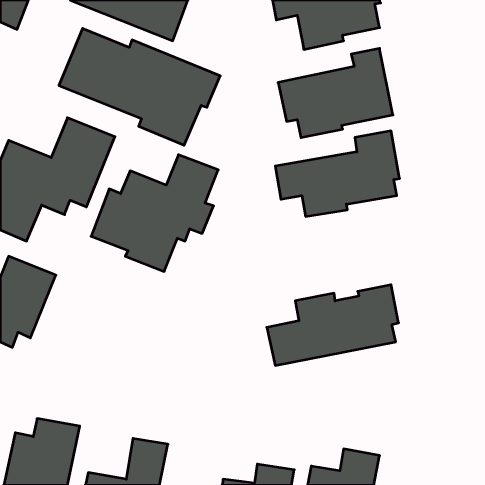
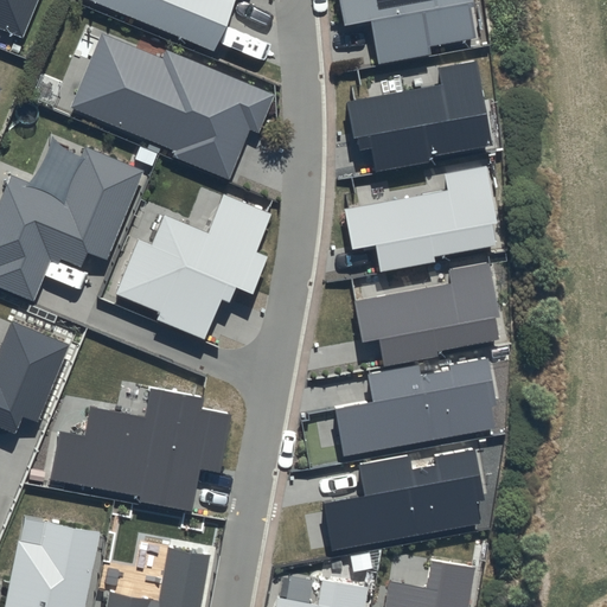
building: none -> [354,261,500,365]
building: none -> [50,390,231,513]
building: none -> [320,446,485,551]

